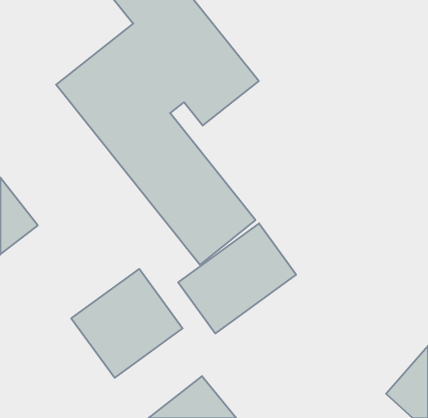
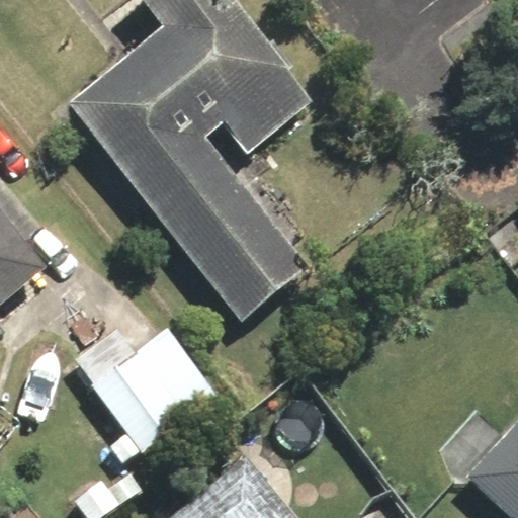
building: [178,223,296,333] -> none

